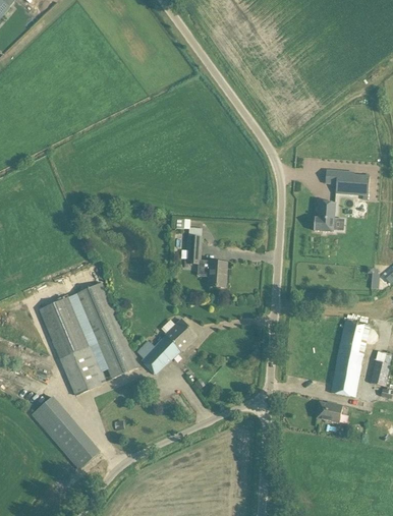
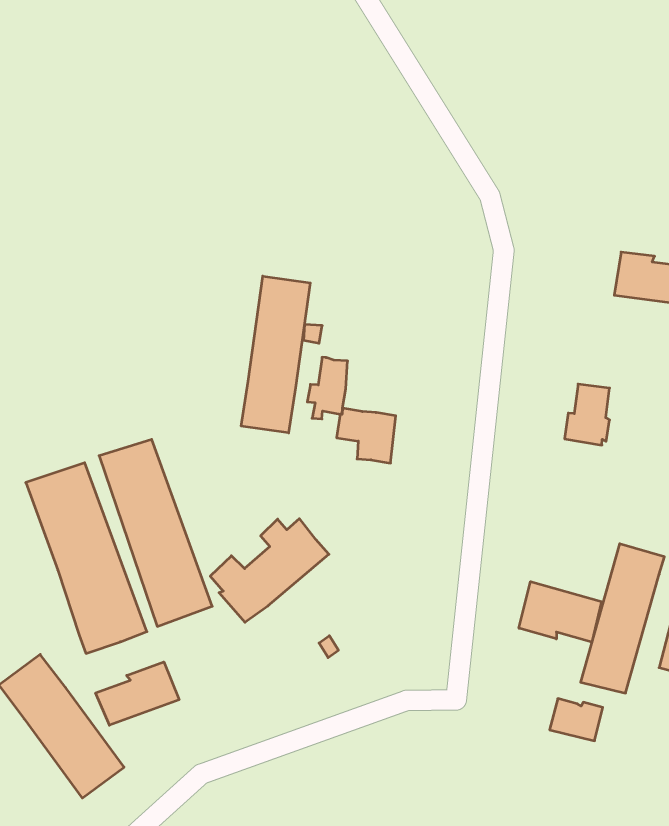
building: none -> [241,276,310,433]
building: [313,200,335,231] -> [565,384,610,445]
building: none -> [519,582,601,642]
building: none -> [96,662,179,725]

